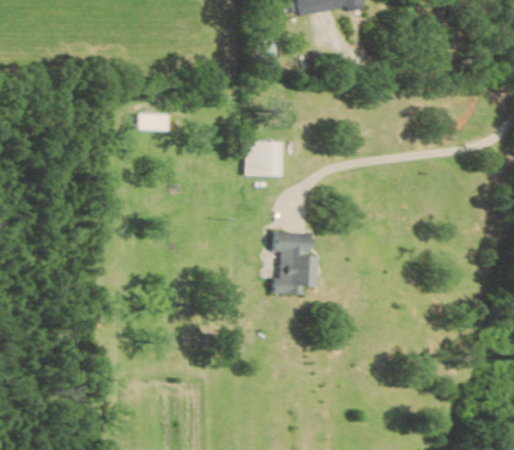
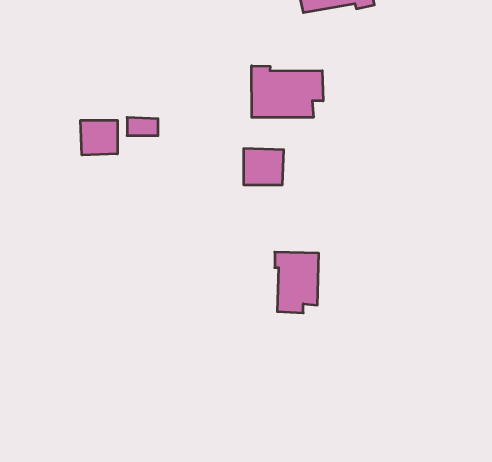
building: none -> [252,66,323,117]
building: none -> [81,120,117,155]

